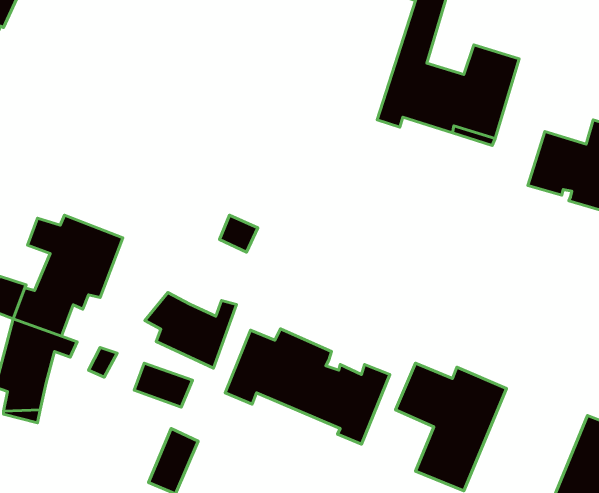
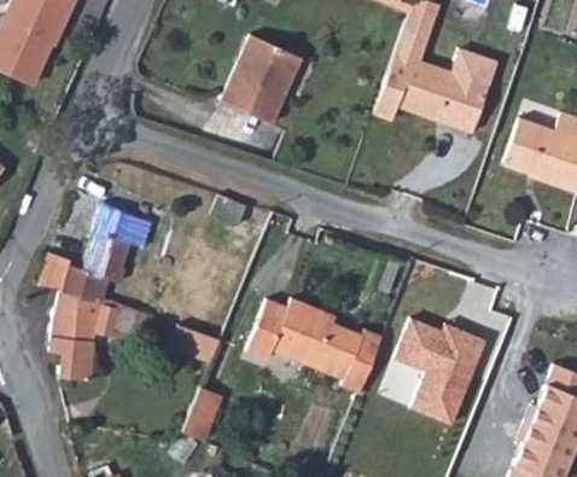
building: none -> [223,31,302,120]
building: [145,292,236,368] -> none

